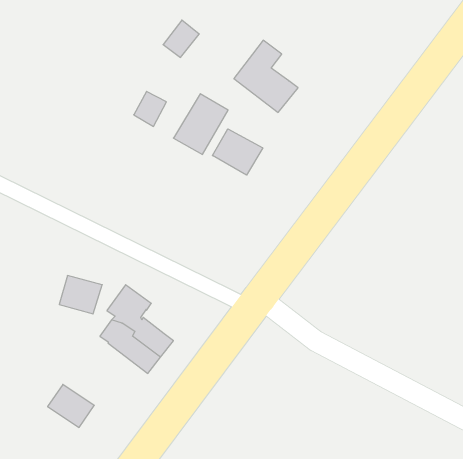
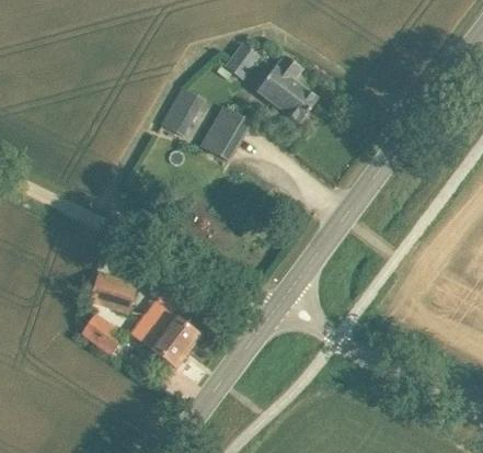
building: [163,20,199,57] -> [226,41,260,76]
building: [212,129,263,175] -> none
building: [48,384,94,427] -> [80,313,124,353]

